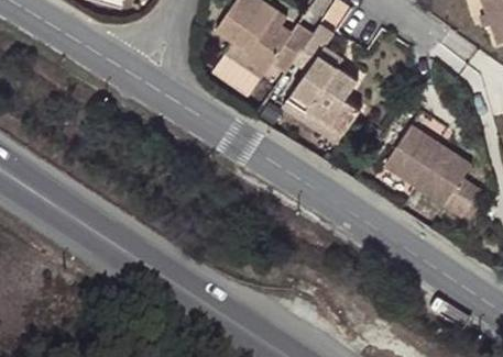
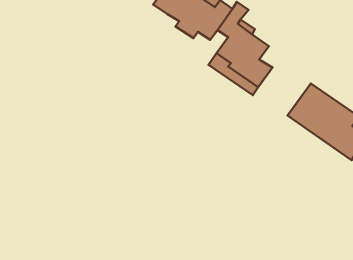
building: [214,40,265,92] -> none

